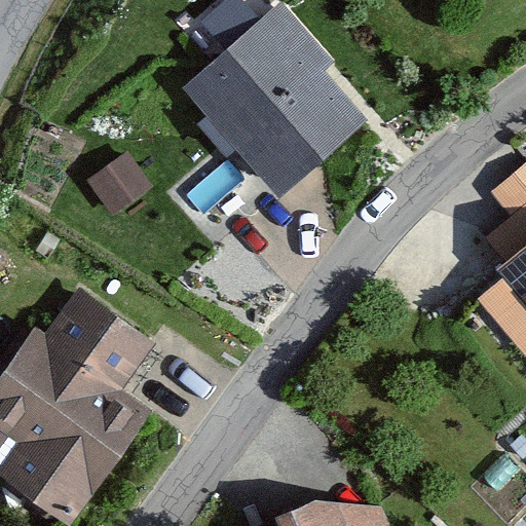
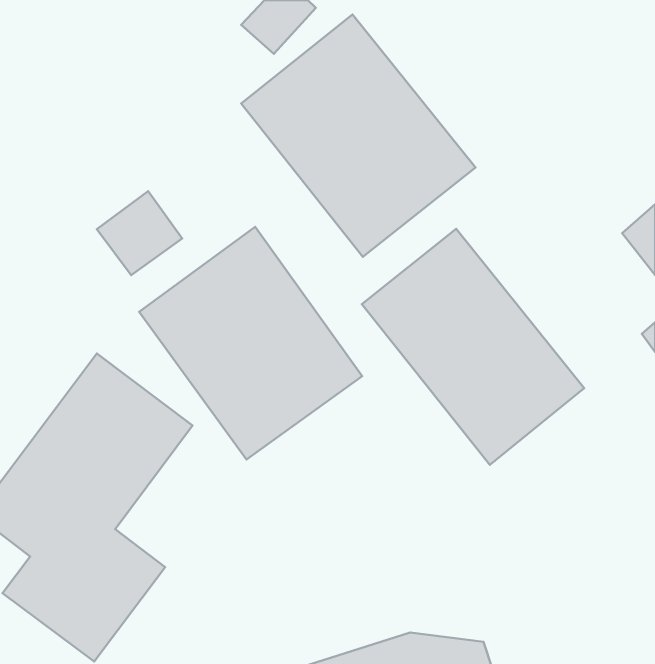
building: none -> [139,227,362,460]
building: none -> [362,229,584,465]

